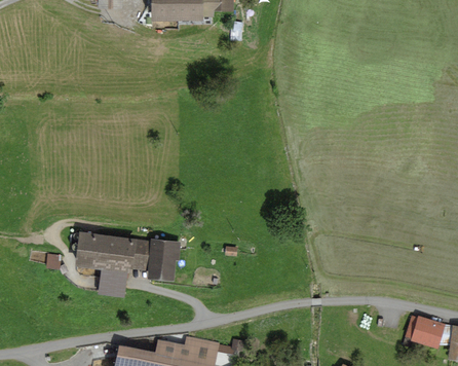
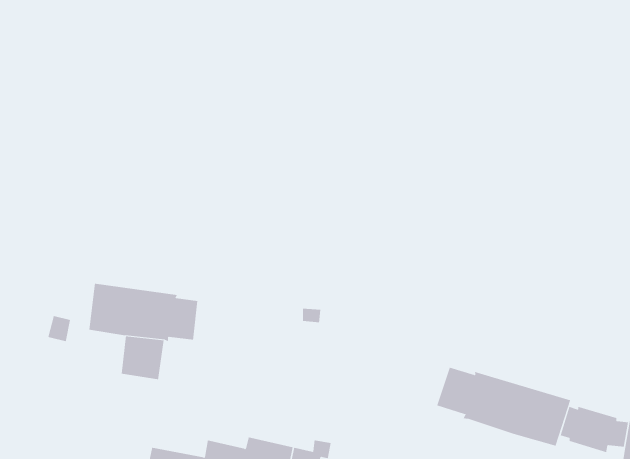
building: [149,239,180,279] -> none
building: none -> [437,367,571,446]

